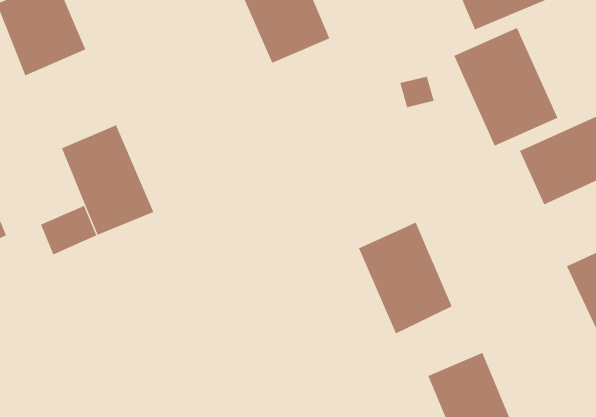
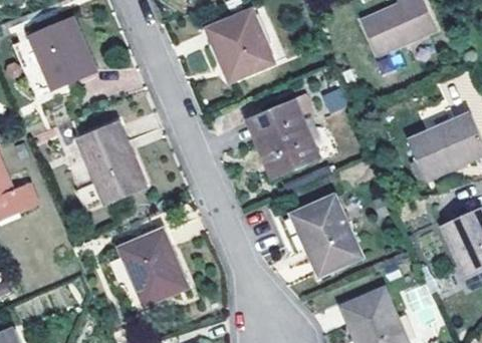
building: [454,27,558,146] -> none
building: none -> [245,97,319,179]
building: none -> [118,228,186,304]

